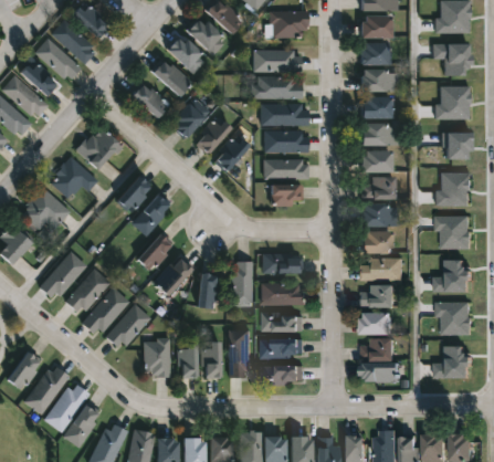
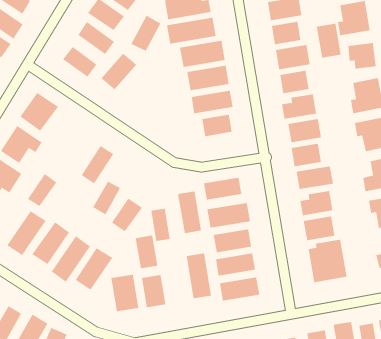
building: none -> [316,23,341,59]
building: [193,116,230,156] -> [131,15,161,52]
building: [212,136,246,172] -> none
building: [116,177,151,212] -> [27,173,57,207]
building: [202,343,222,377] -> [135,235,158,269]

